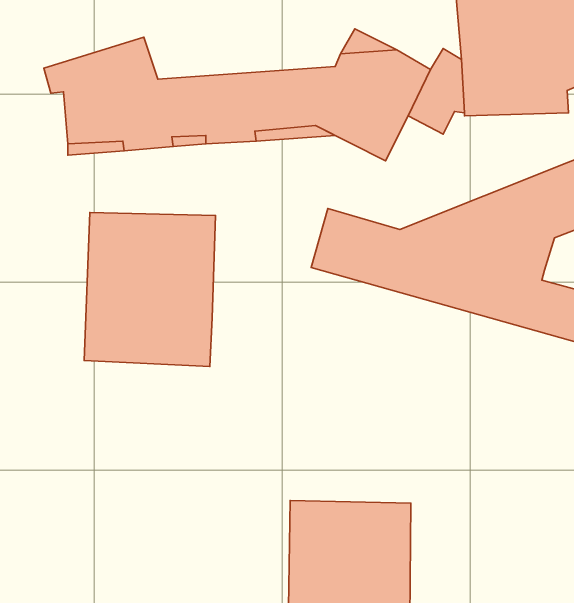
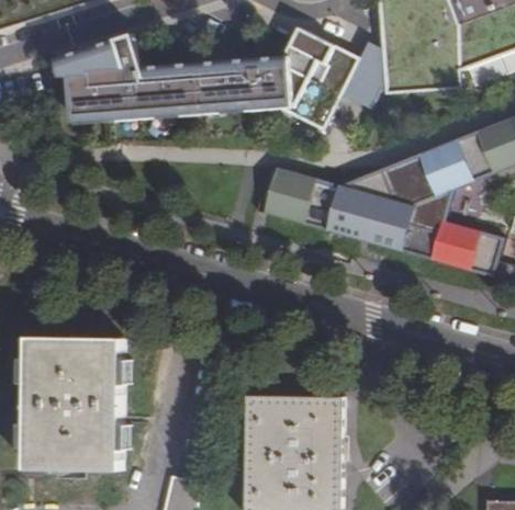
building: [84,212,216,366] -> none
building: none -> [27,337,123,471]

